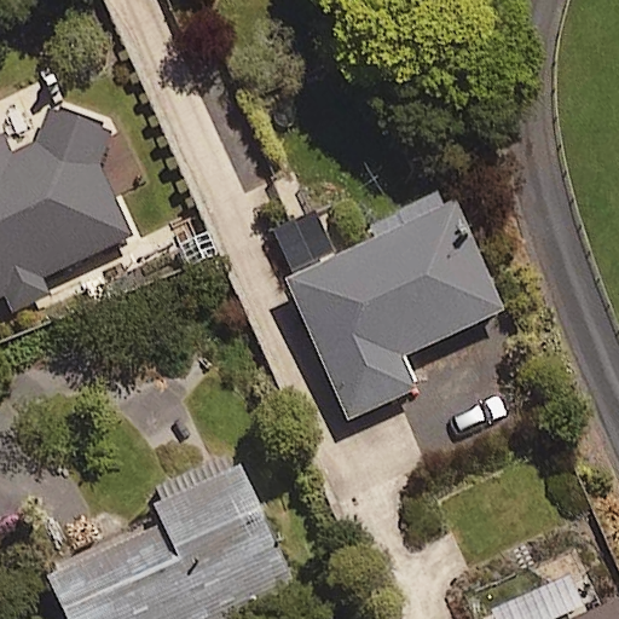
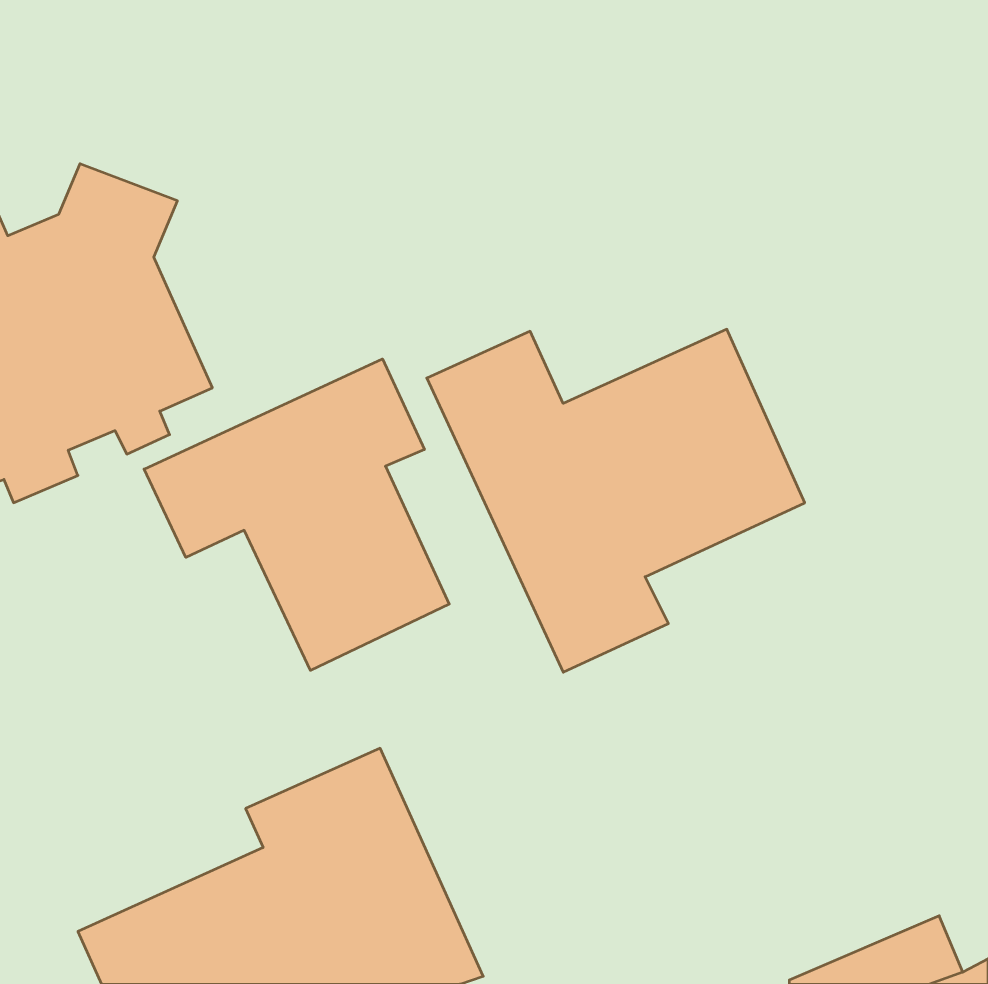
building: none -> [144,359,449,670]

